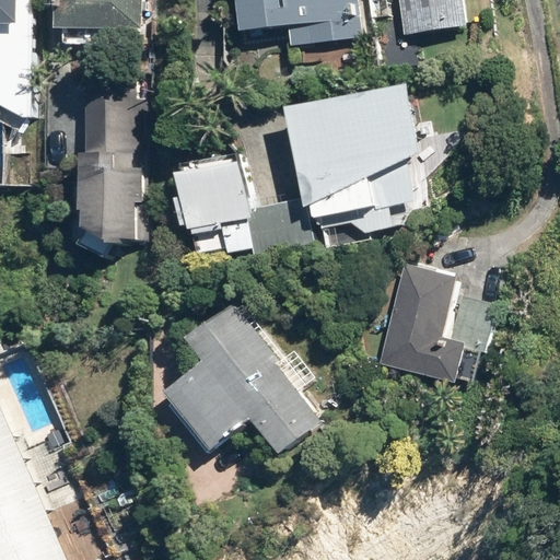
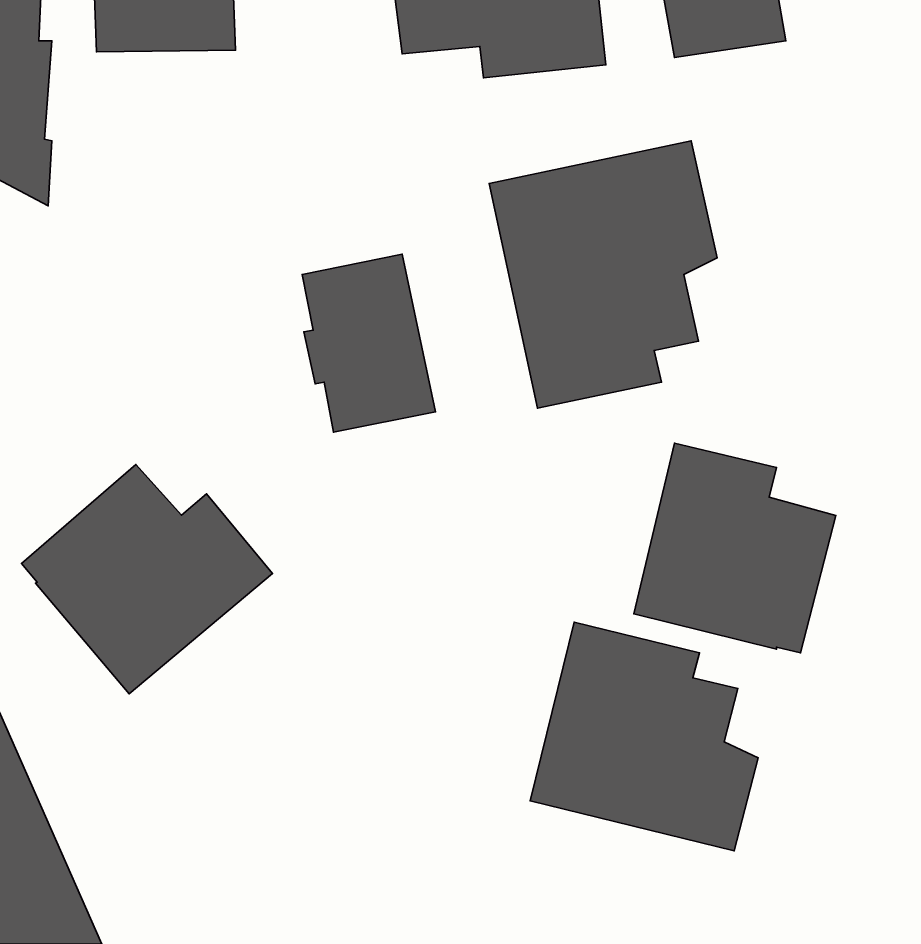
building: [81,69,139,245] -> none
building: none -> [22,465,272,694]
building: [167,303,318,453] -> none
building: none -> [530,622,758,851]

